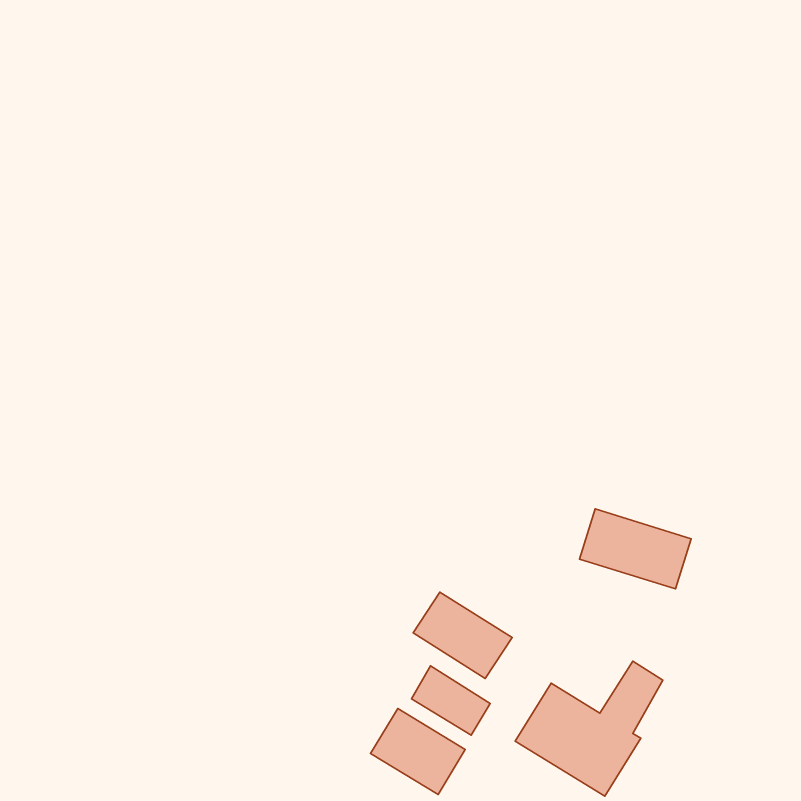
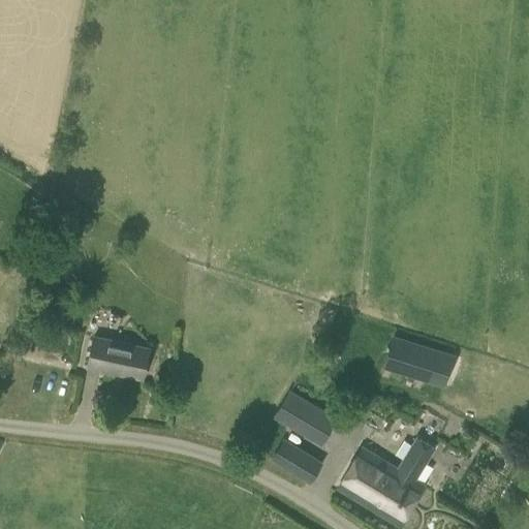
building: none -> [88,337,150,380]
building: [370,709,465,795] -> none

